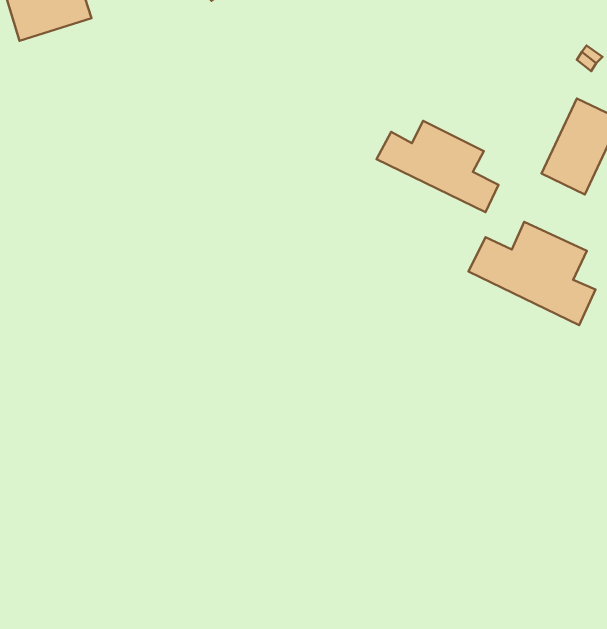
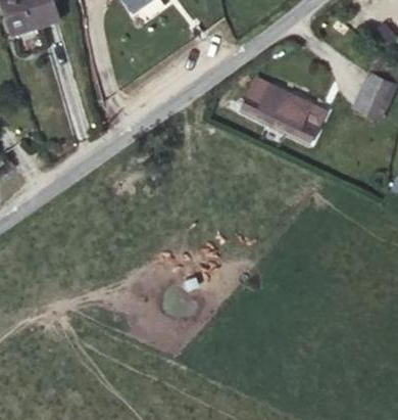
building: [468,222,595,325] -> none

